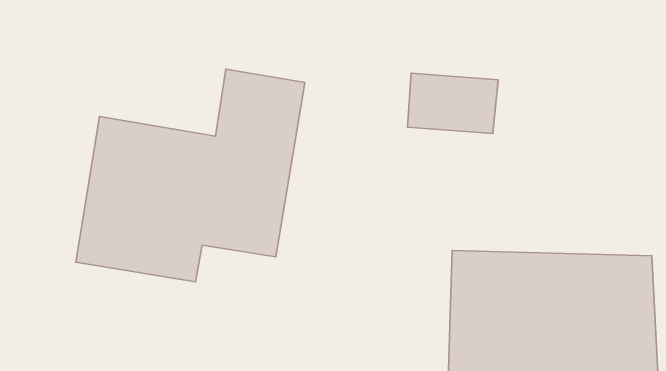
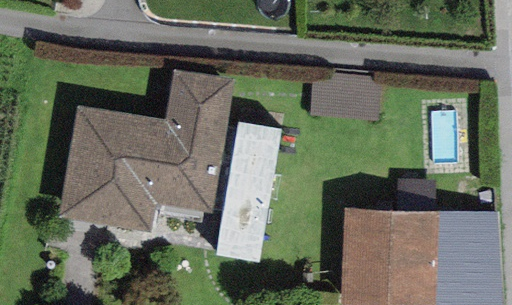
building: none -> [216,121,281,261]

